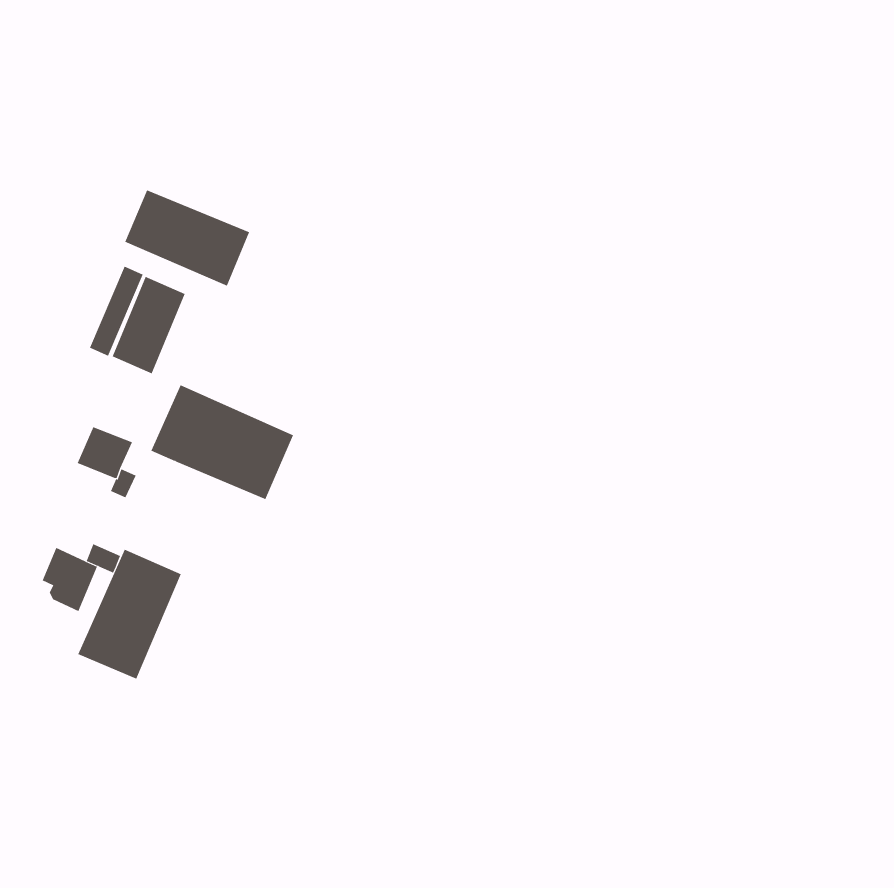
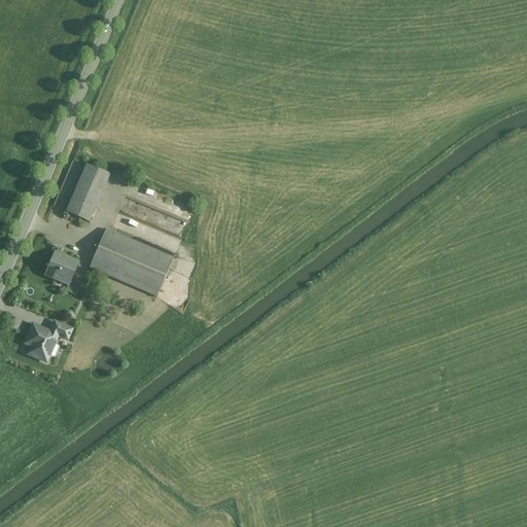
building: [124,190,250,287] -> none
building: [78,549,181,680] -> none

